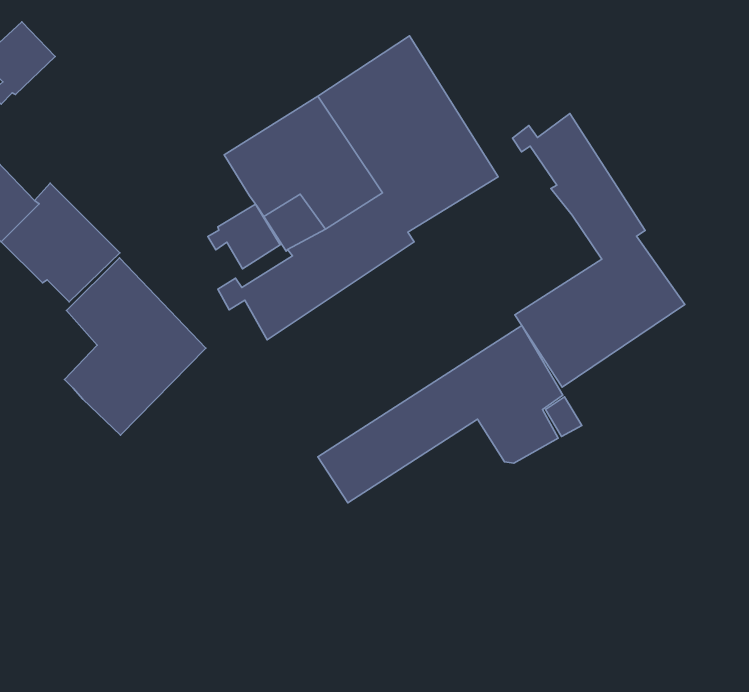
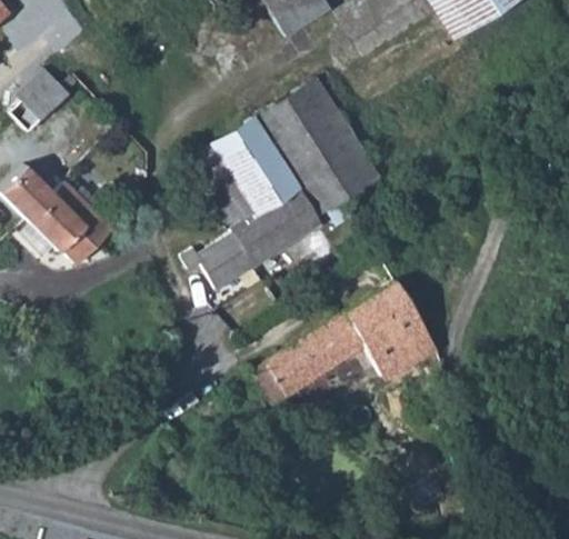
building: [512,113,685,387] -> none
building: [208,204,280,269] -> none
building: [65,258,206,435] -> none

